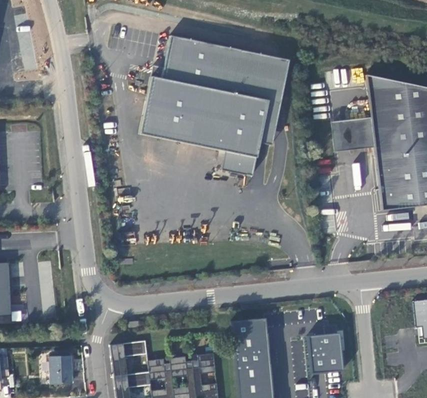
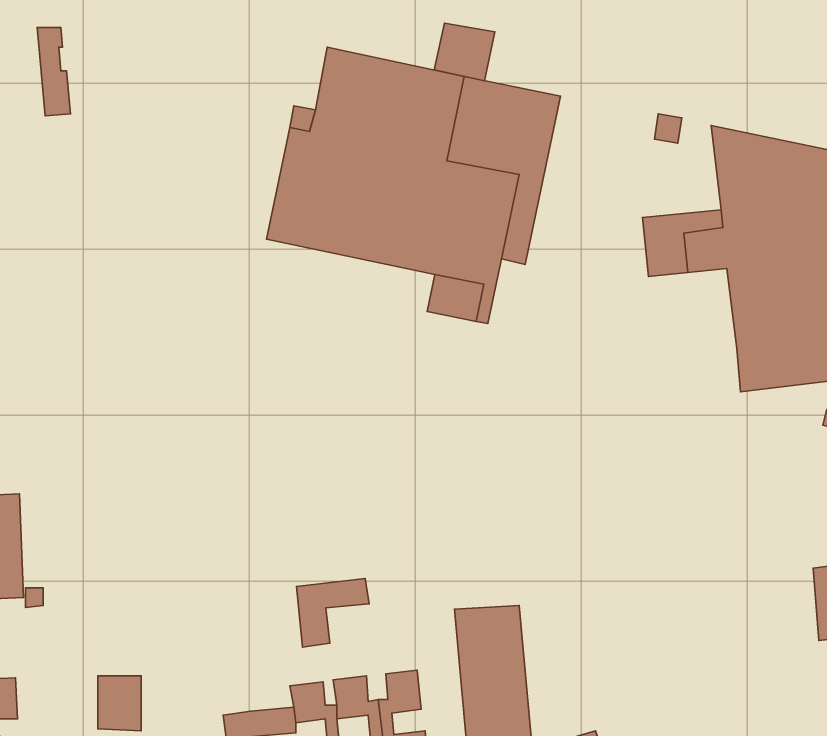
building: none -> [434,23,495,81]
building: [309,333,344,374] -> none
building: [112,340,149,375] -> [297,579,369,647]

